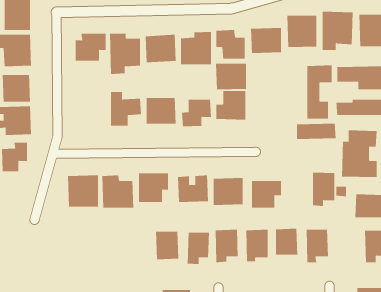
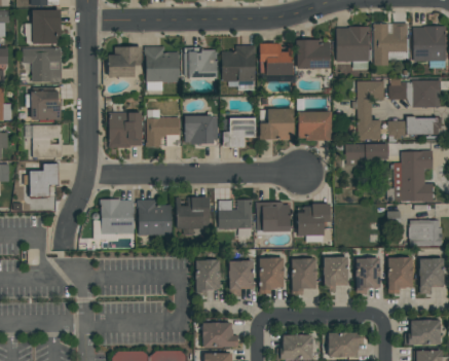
building: [215,63,247,90] -> [298,112,332,141]
building: none -> [109,112,143,148]
building: [312,172,335,206] -> [388,257,413,294]

